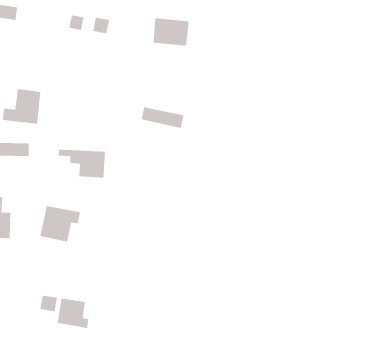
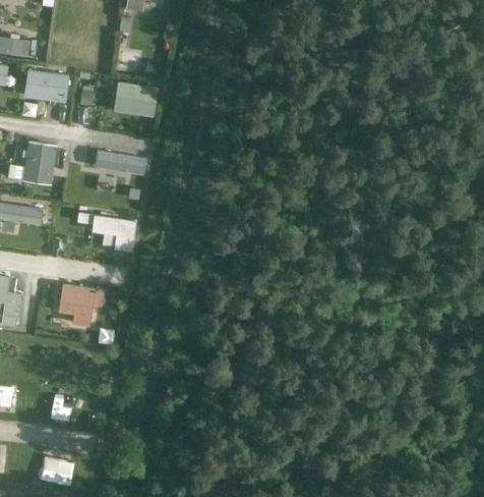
building: [153,18,189,46] -> [113,82,158,117]
building: none -> [21,69,69,104]
building: [141,107,184,129] -> [94,151,146,177]
building: [57,298,89,329] -> none

